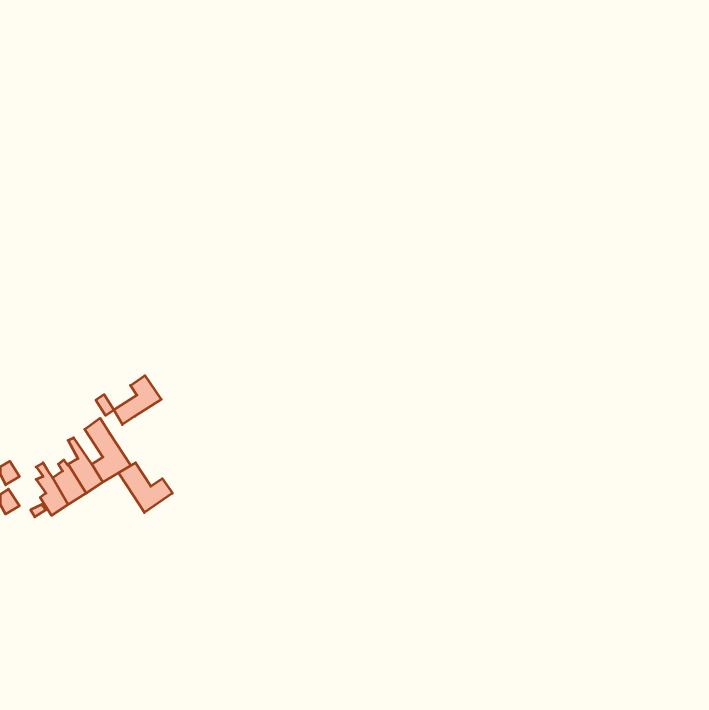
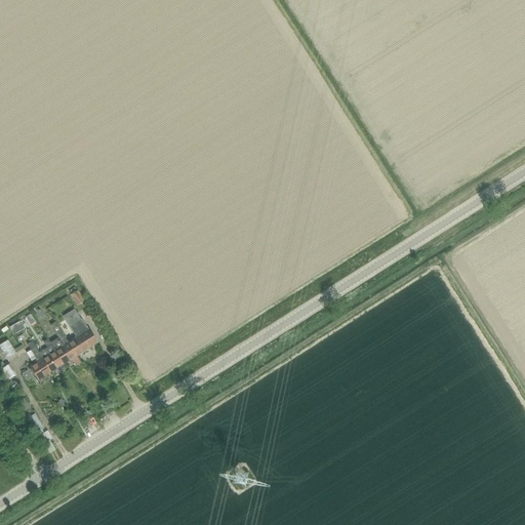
building: [114,376,161,425] -> none
building: [119,463,172,513] -> none

